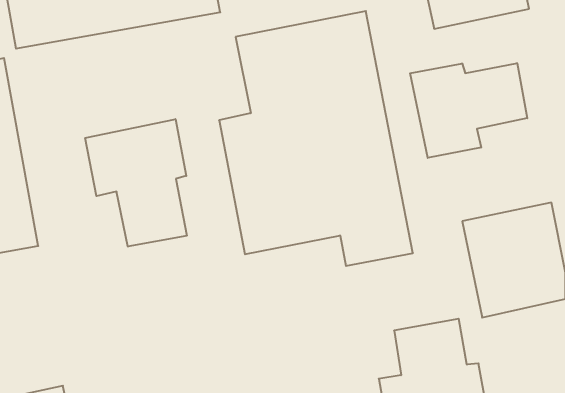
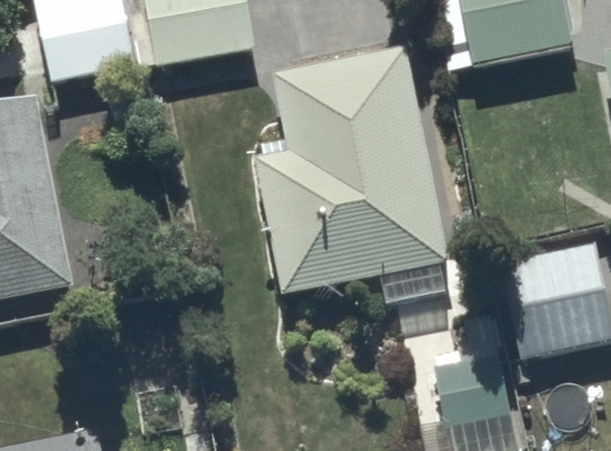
building: [410,63,527,158] -> none
building: [85,119,187,247] -> none

